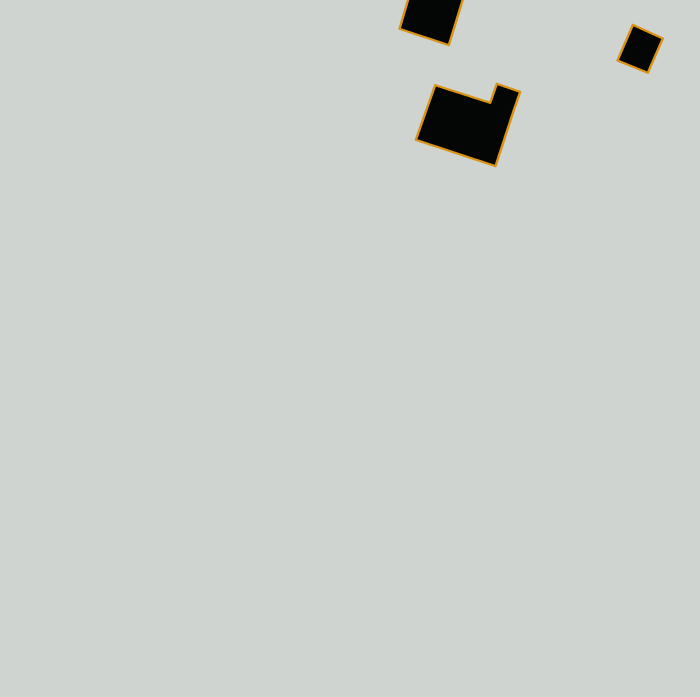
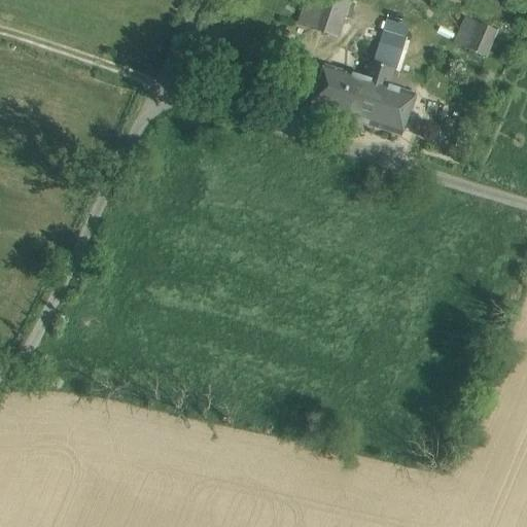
building: none -> [374,30,406,70]
building: none -> [373,83,414,133]

